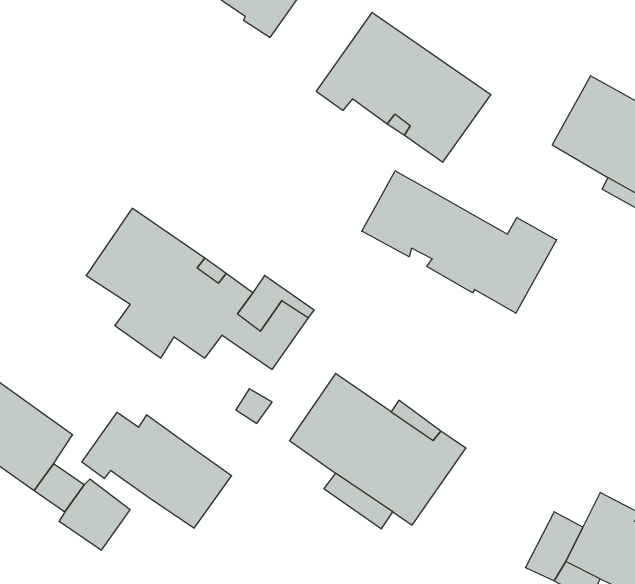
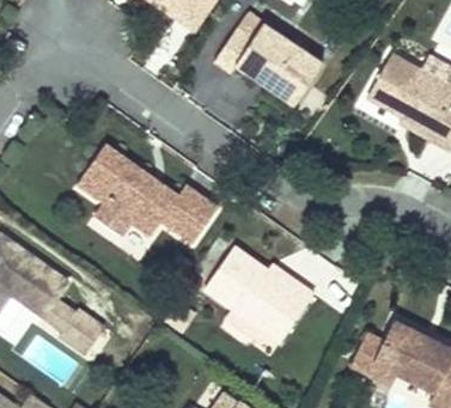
building: [362,171,557,313] -> none
building: [82,412,232,528] -> none

